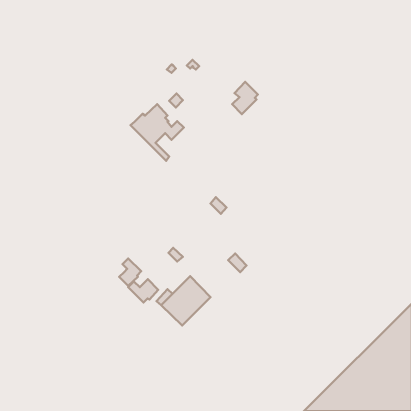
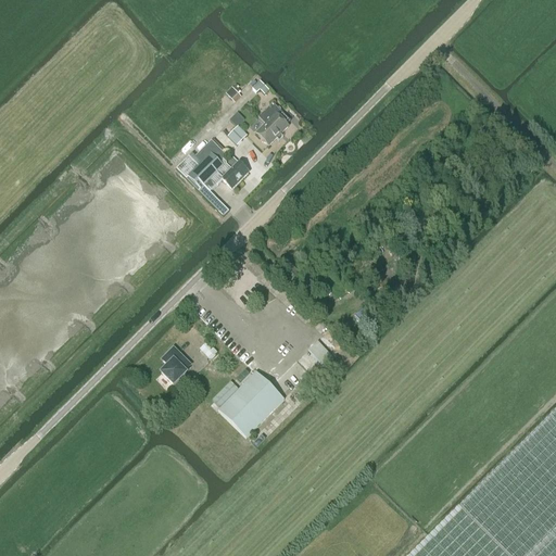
building: [232,82,258,114] -> [256,102,291,146]
building: [128,279,158,303] -> none

